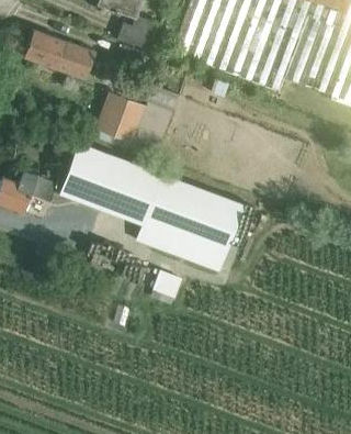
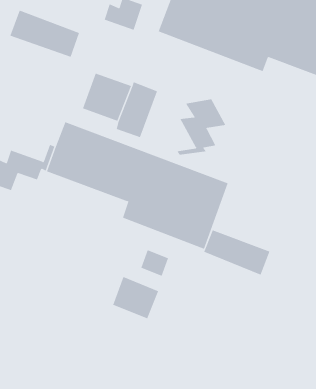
building: none -> [177,98,226,156]
building: none -> [203,229,270,275]
building: none -> [113,276,159,319]

